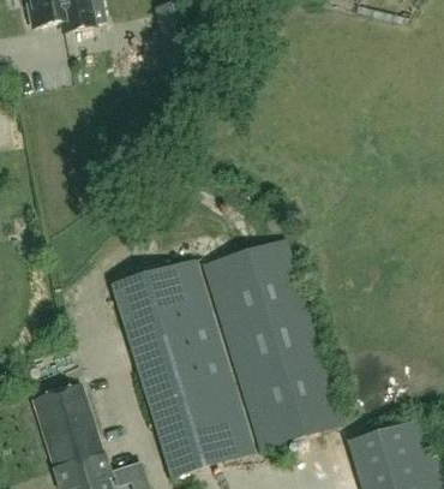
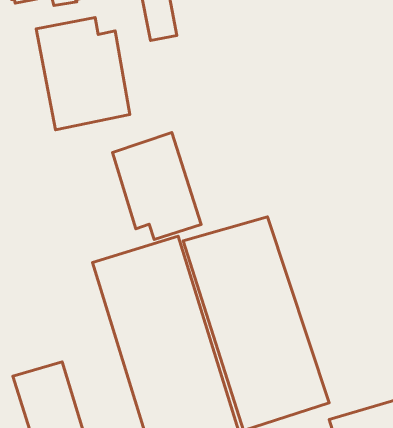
building: none -> [36,18,130,130]
building: none -> [113,132,201,240]

